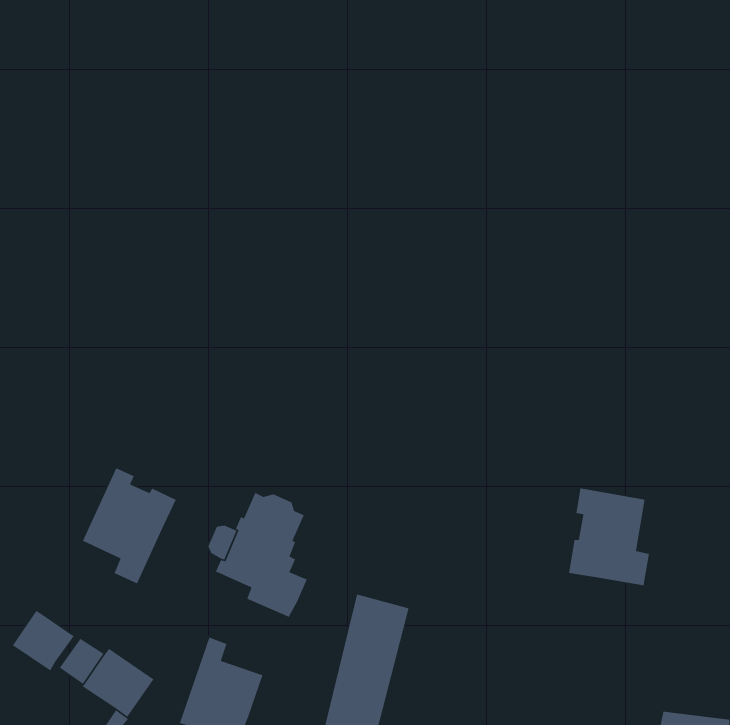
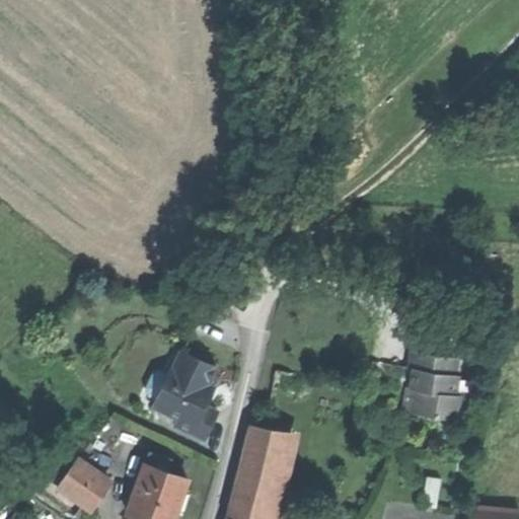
building: [82,467,177,585] -> none
building: [12,610,75,671] -> none

